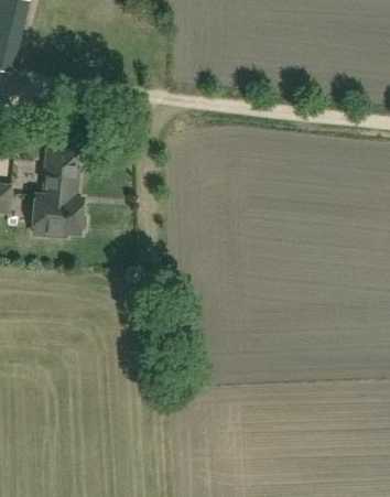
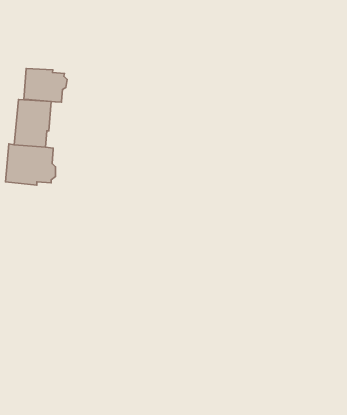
building: none -> [24,68,67,102]

